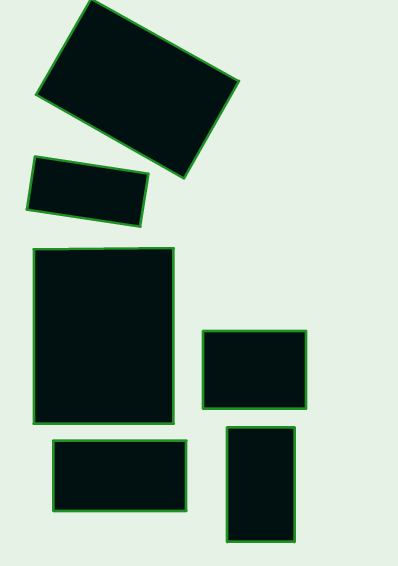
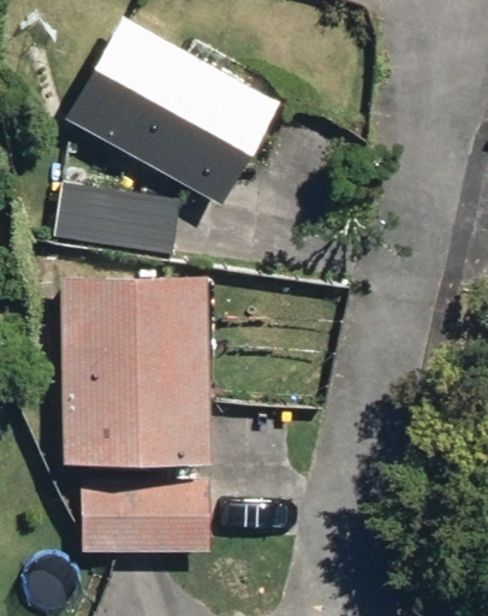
building: [203,331,306,409] -> none
building: [227,427,294,542] -> none

